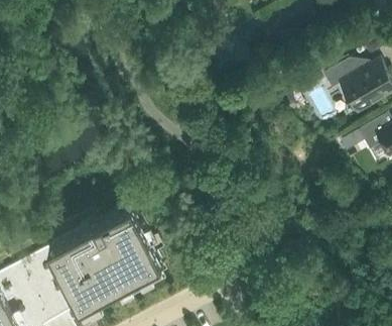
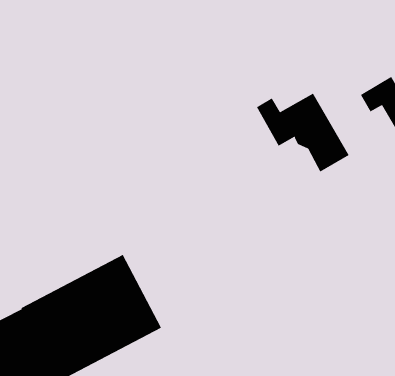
building: none -> [256,93,349,172]

